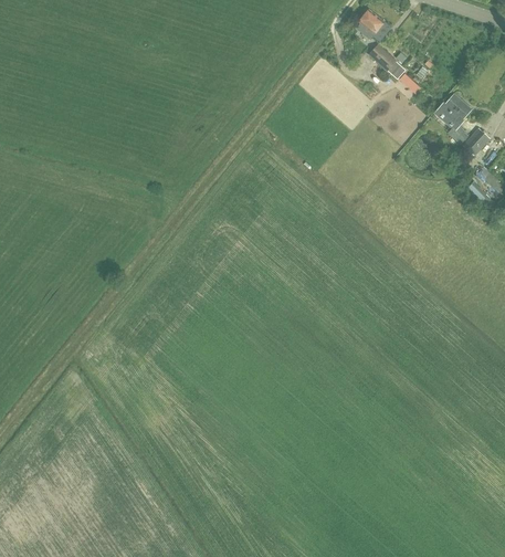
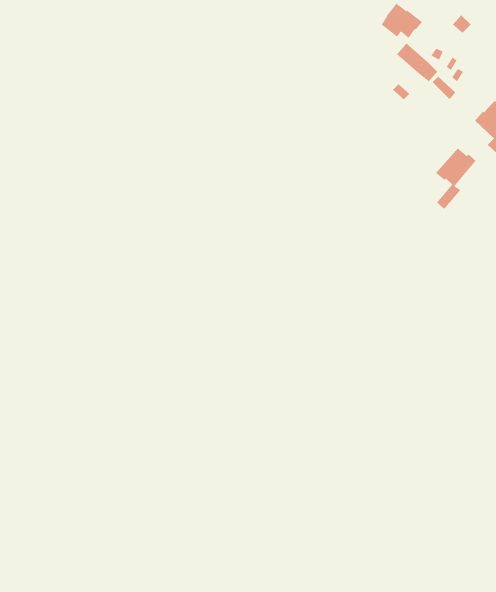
building: none -> [435,147,476,210]

